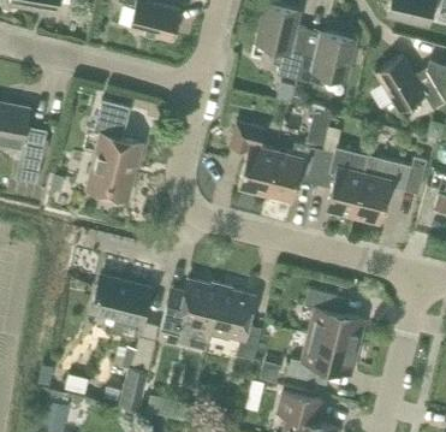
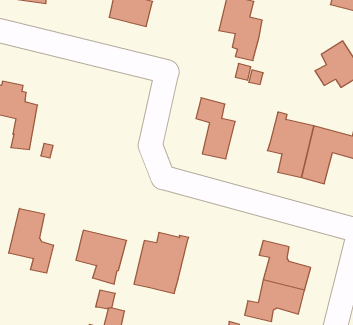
building: [297,31,355,87] -> none
building: [87,101,142,200] -> none
building: [266,111,332,201] -> none
building: none -> [9,208,53,273]
building: [210,288,262,360] -> none

